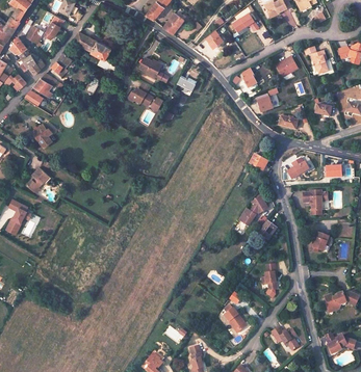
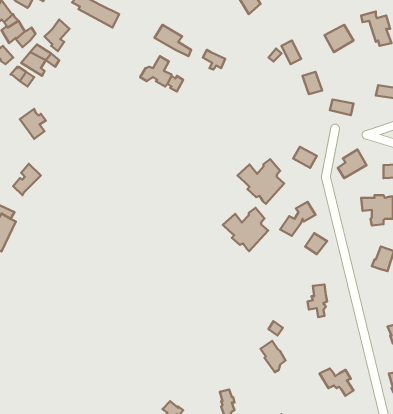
building: none -> [237,159,284,204]
building: none -> [223,208,268,251]

